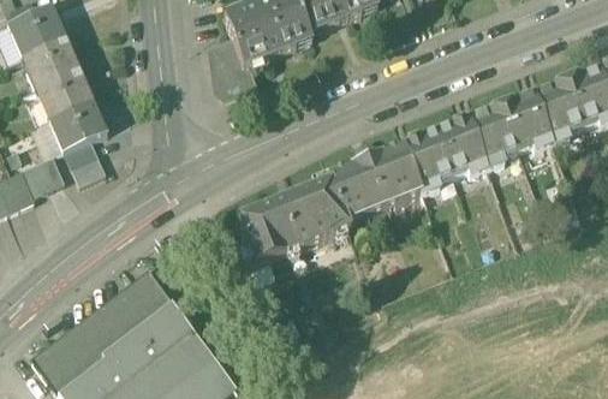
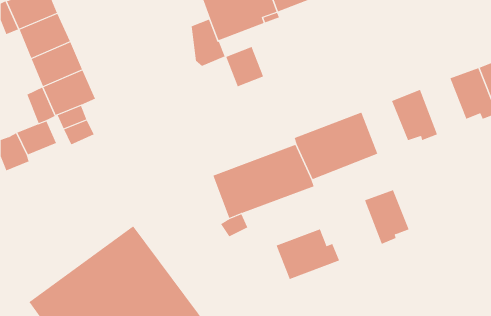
building: none -> [226,46,264,87]
building: [467,108,518,171] -> none
building: [403,133,453,195] -> [364,189,410,245]
building: none -> [276,229,340,280]

